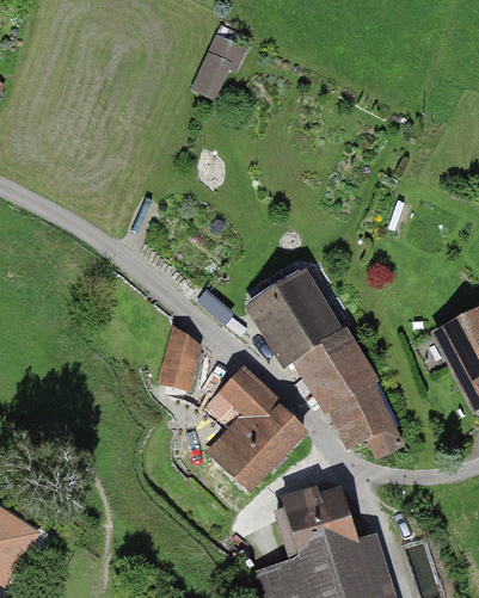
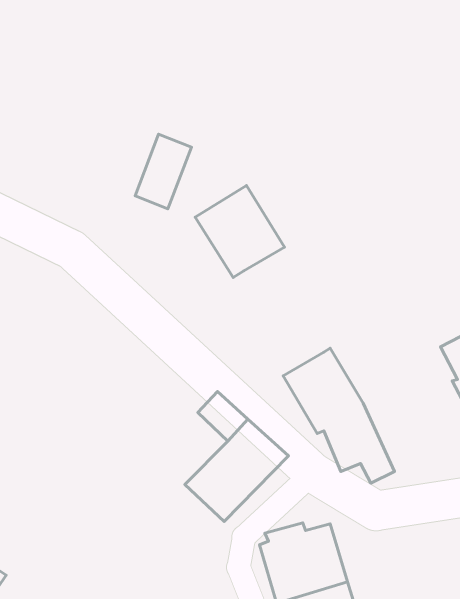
building: [194,31,245,99] -> [135,134,191,209]
building: [256,278,337,362] -> [195,186,284,277]
building: [162,331,198,387] -> none

